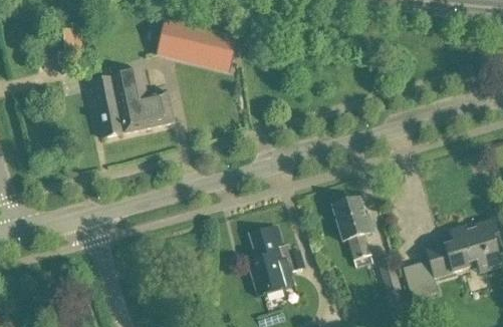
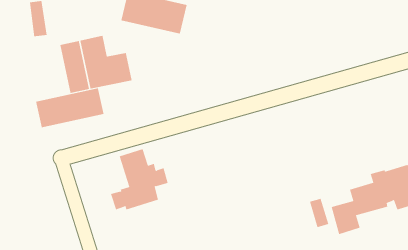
building: none -> [35,88,104,128]
building: [331,198,373,260] -> none
building: [238,226,305,297] -> [110,148,168,210]

